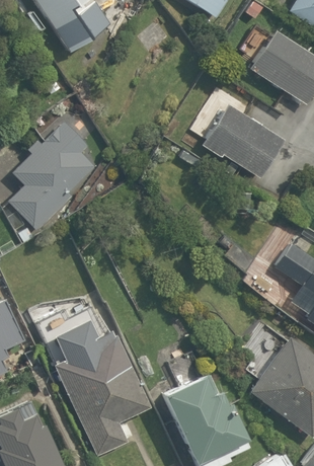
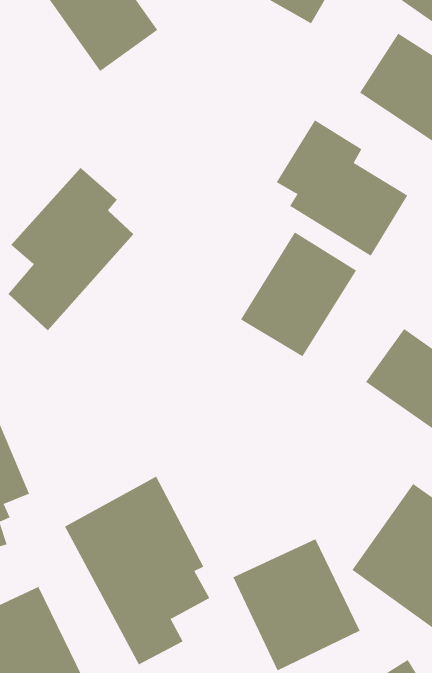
building: none -> [240,231,357,357]

